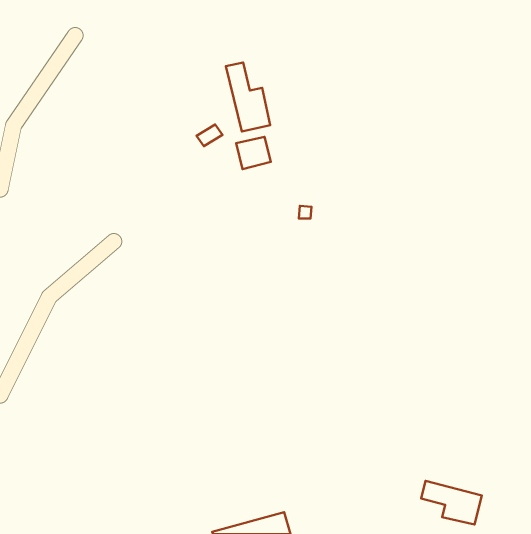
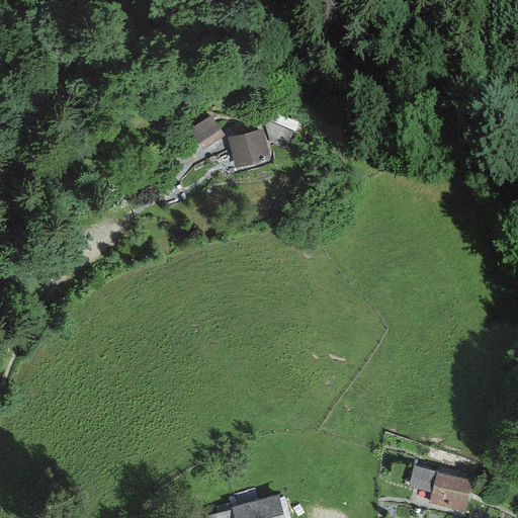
building: [226,63,270,132] -> none

